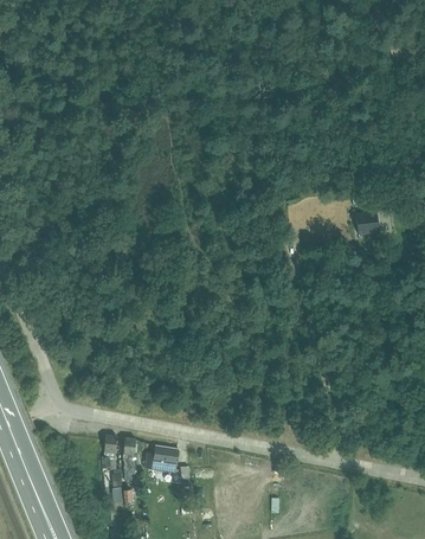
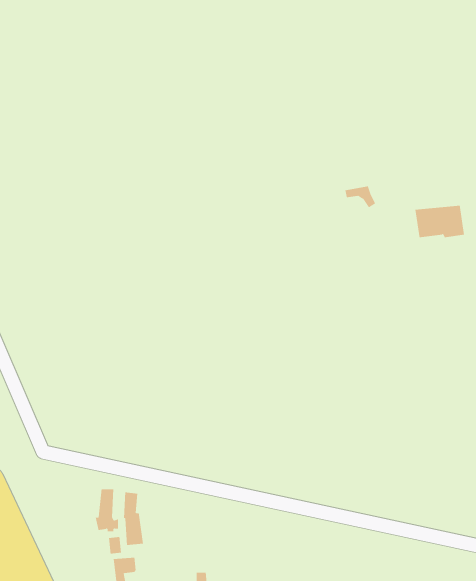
building: [144,445,178,473] -> none

